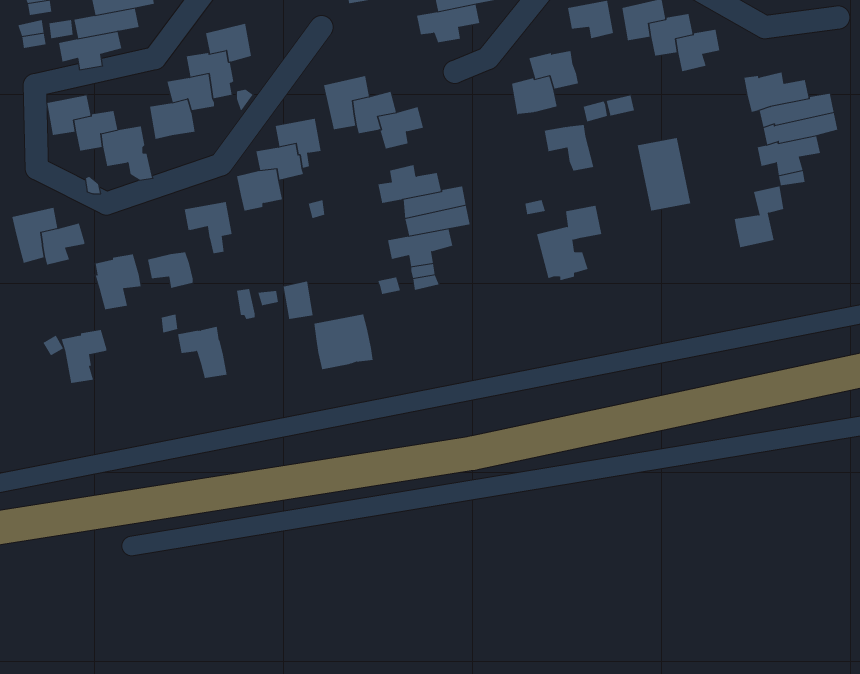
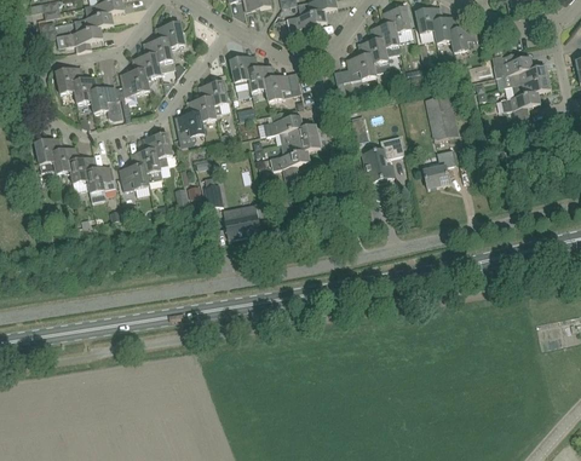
building: [544,125,594,171] -> [369,24,401,53]
building: [734,186,784,248] -> [424,149,455,188]
building: [177,326,227,379] -> [131,149,162,181]
building: [61,329,107,384] -> [68,156,97,190]

